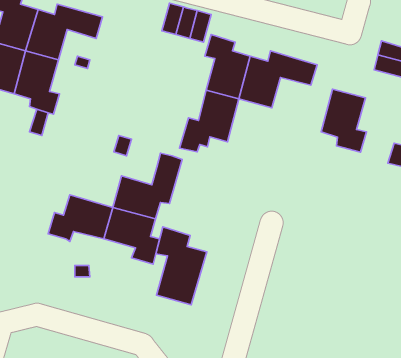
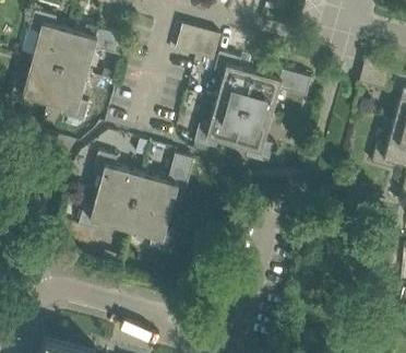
building: [321,89,367,152] -> [234,108,273,163]
building: none -> [94,153,142,202]
building: [156,227,207,305] -> none

